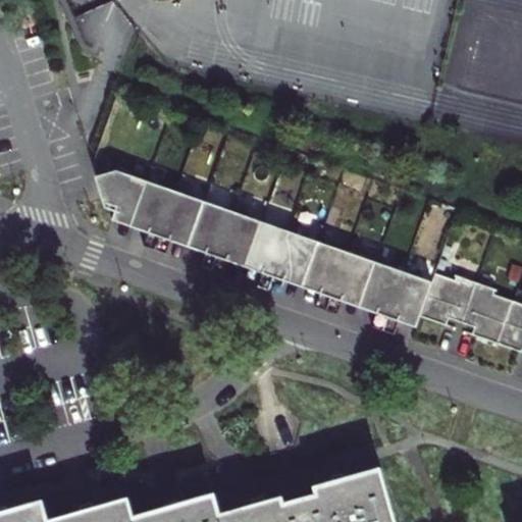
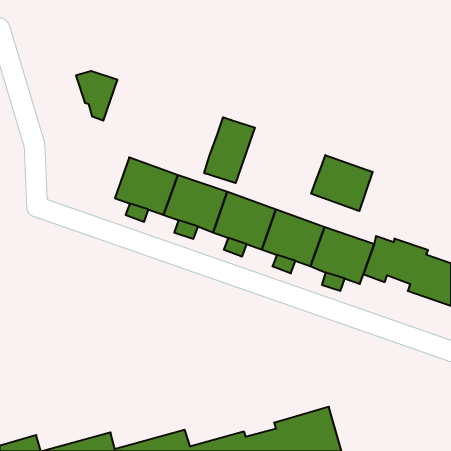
building: none -> [204,117,255,183]
building: [101,171,149,228] -> [76,71,118,121]
building: none -> [311,155,373,211]

